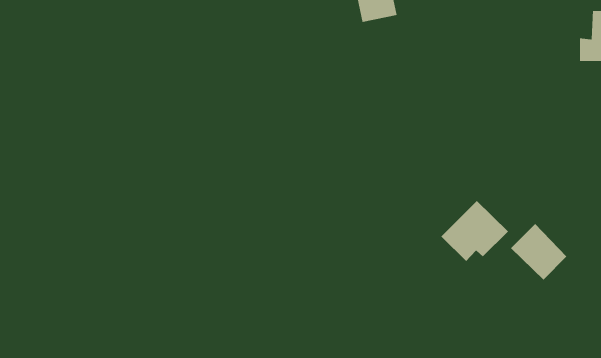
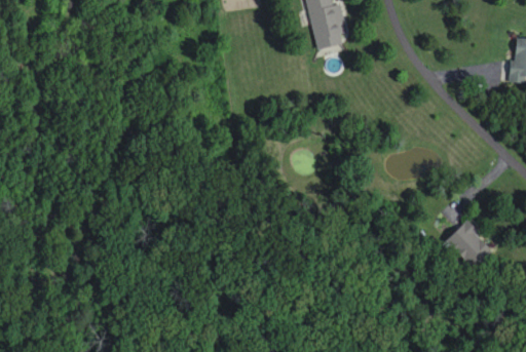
building: [441,200,509,262] -> none

